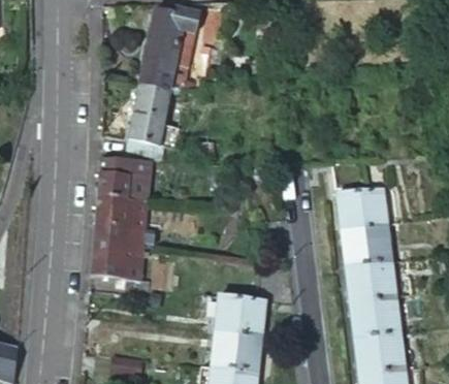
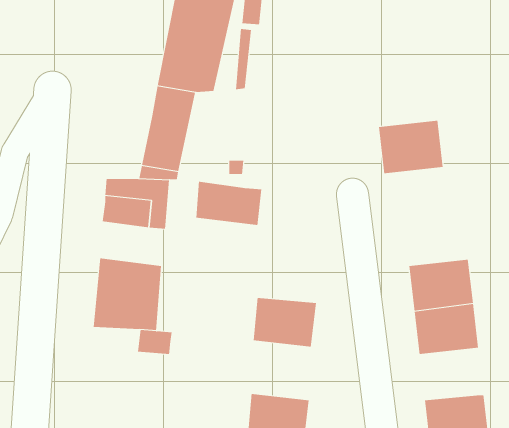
building: [335,184,387,226] -> [378,120,444,174]
building: [95,191,148,226] -> [196,181,262,226]
building: [348,291,399,332] -> none
building: [215,293,265,332] -> [253,298,317,347]

